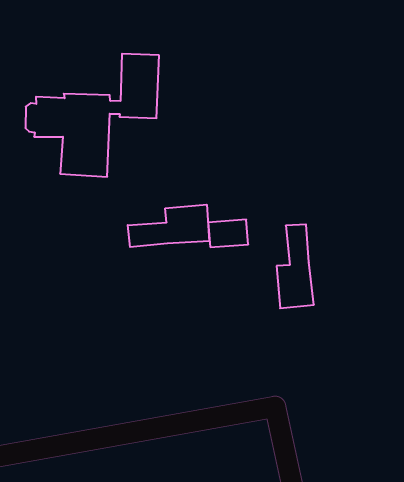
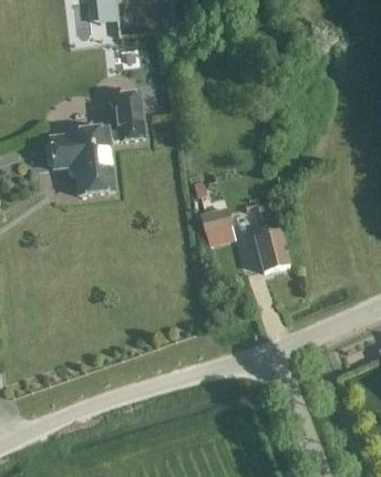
building: [128,205,209,247] -> none

